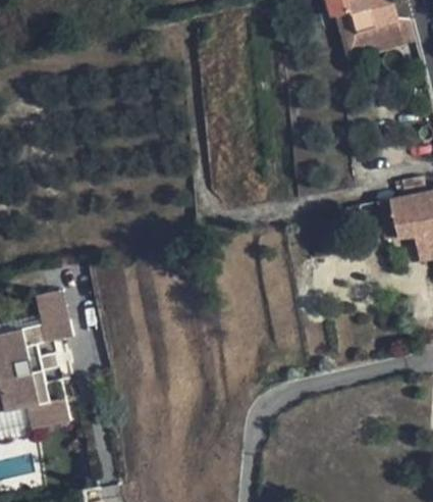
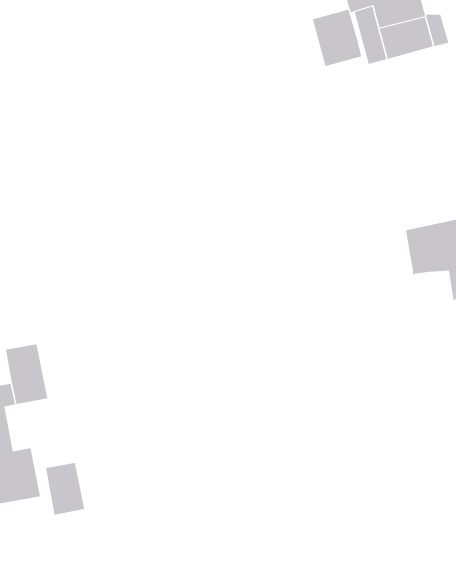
building: none -> [312,9,362,67]
building: none -> [46,462,85,515]

